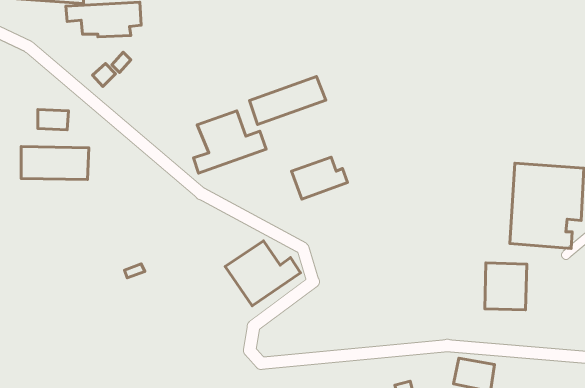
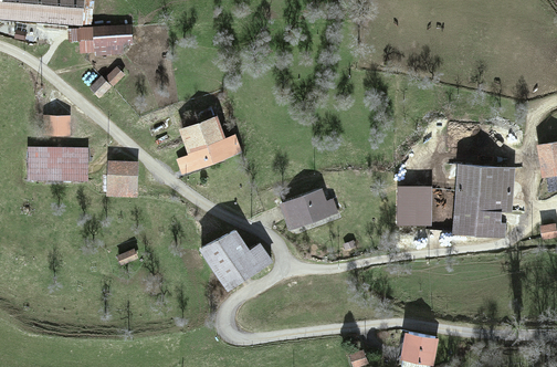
building: [250,77,326,124] -> none
building: [291,157,348,199] -> [290,190,338,227]
building: none -> [107,161,136,195]
building: [485,263,527,310] -> [395,185,431,226]

